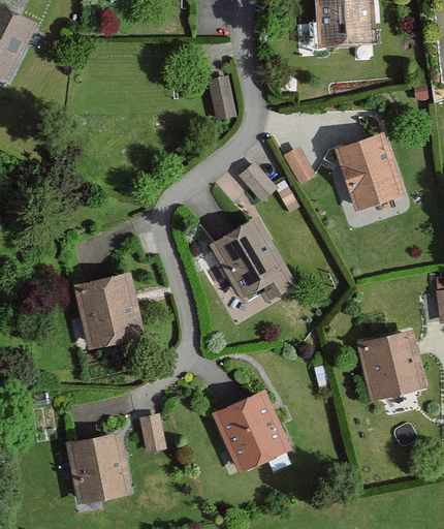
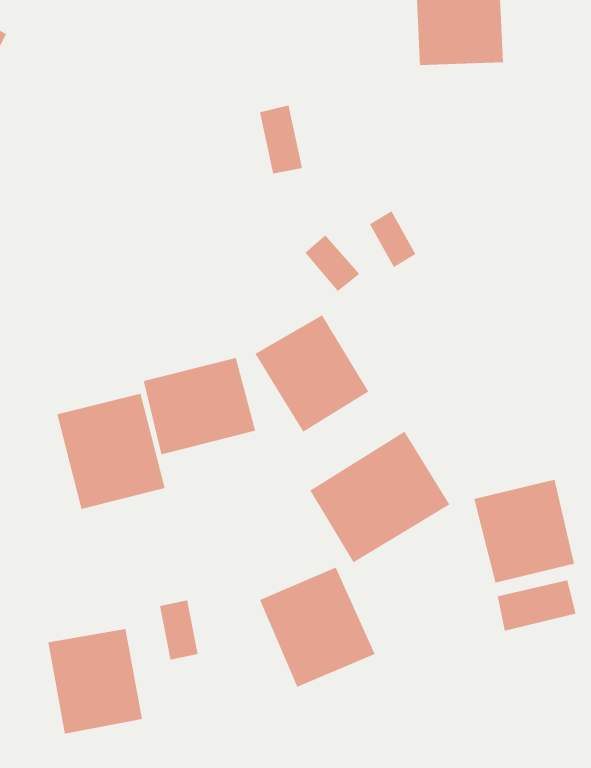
building: [335,131,403,209] -> none
building: none -> [143,357,256,455]
building: none -> [309,431,450,563]
building: none -> [497,579,576,631]

